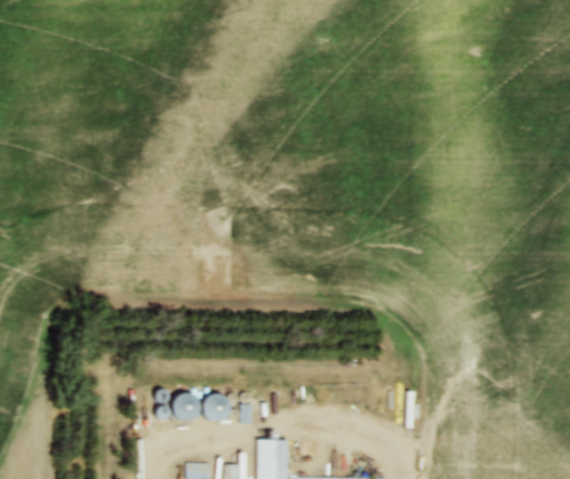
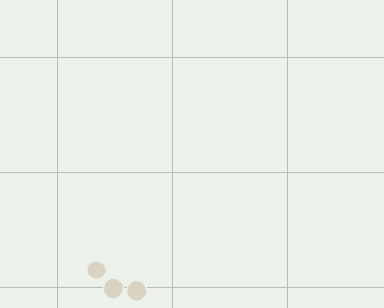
building: none -> [87,261,106,280]

